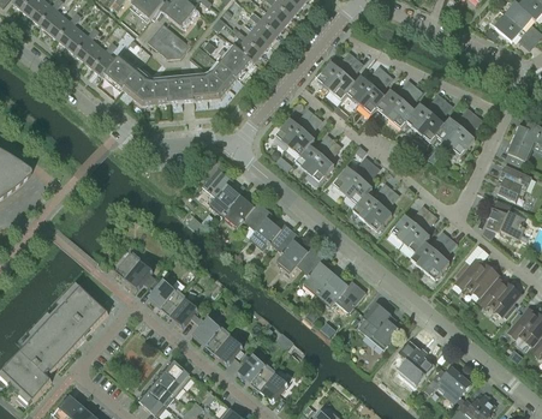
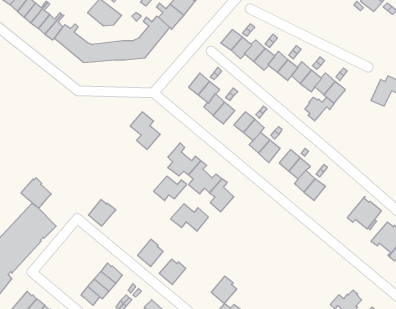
building: none -> [305,97,334,121]
building: [498,164,531,200] -> none
building: [222,196,264,227] -> [154,176,187,201]
building: [486,206,525,239] -> none
building: [114,250,153,288] -> [21,178,51,208]
building: [454,258,499,301] -> none
building: [316,275,364,310] -> [171,204,208,231]
building: [165,292,197,325] -> none
building: [357,301,399,346] -> none
building: [193,317,227,349] -> none
building: [397,340,434,385] -> none
building: [255,366,287,401] -> [211,276,237,303]
building: [423,367,470,402] -> none

